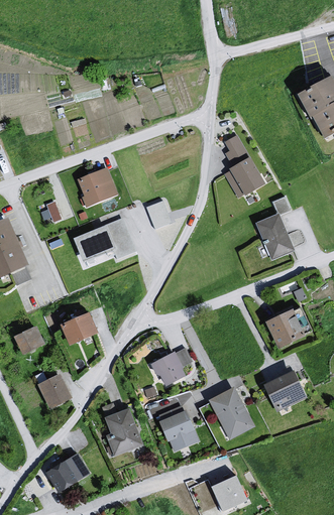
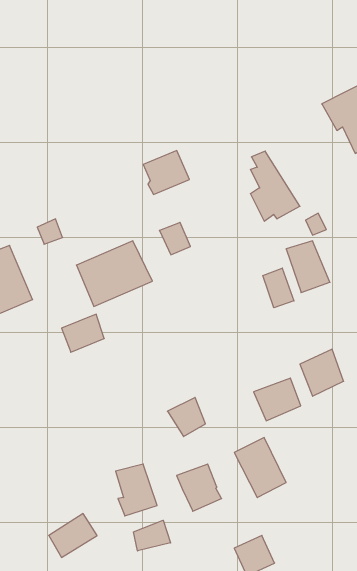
building: [78,167,118,206] -> [143,151,189,194]
building: none -> [263,268,294,308]
building: [62,311,99,345] -> [62,314,104,352]
building: [15,326,45,355] -> none
building: [265,372,307,409] -> [254,378,301,421]
building: [37,373,72,407] -> none
building: none -> [133,520,171,551]

